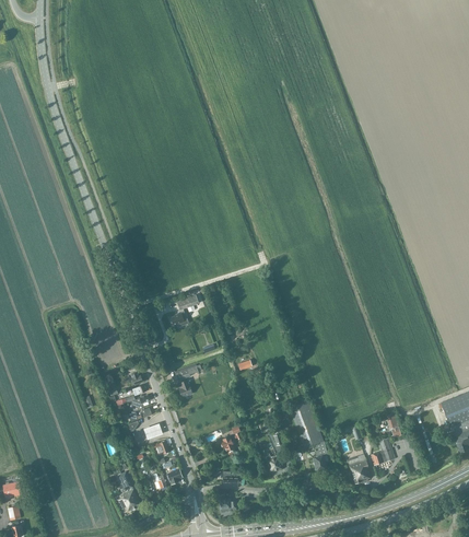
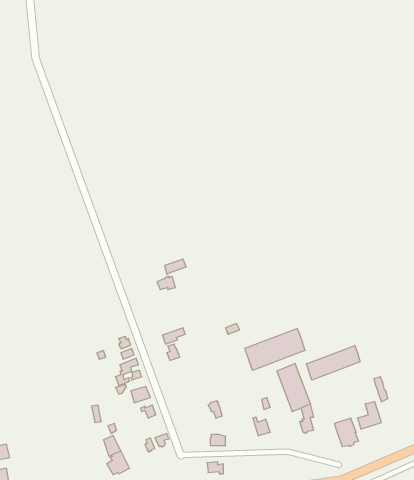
building: none -> [245,328,305,370]
building: none -> [306,345,360,380]

